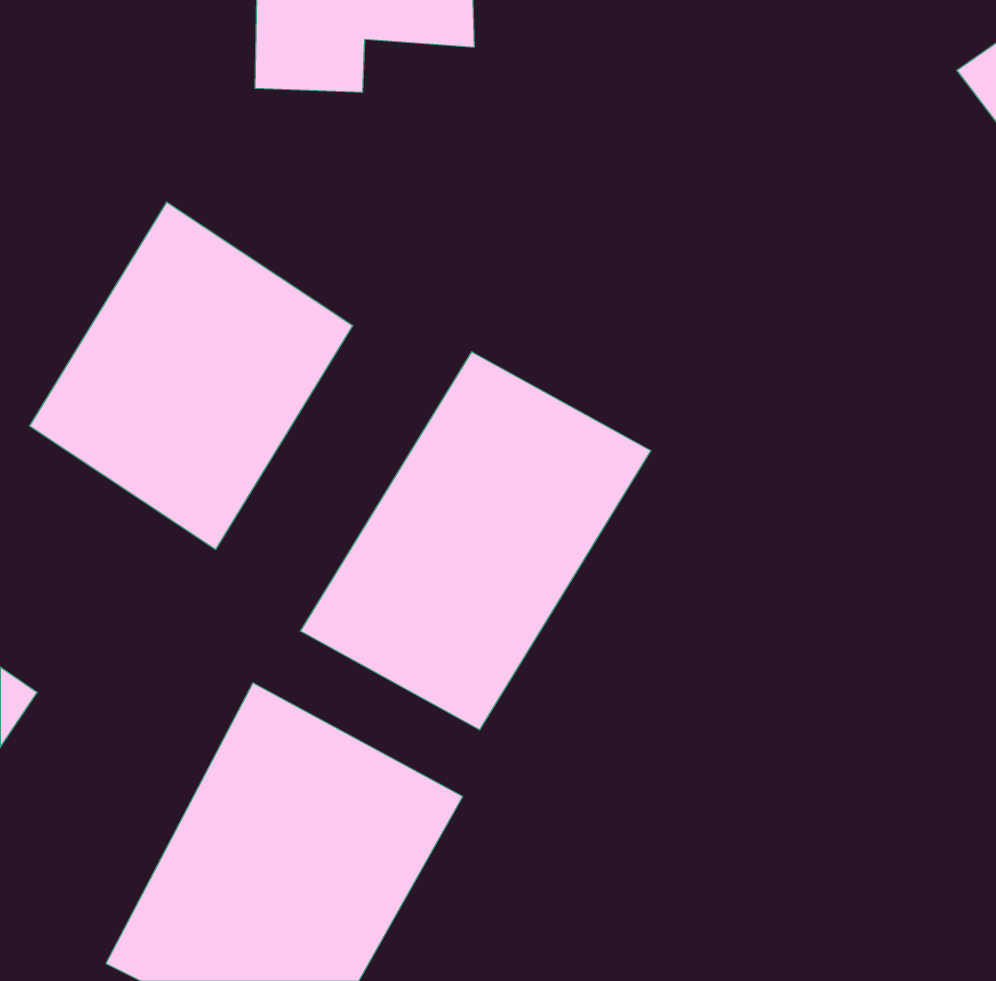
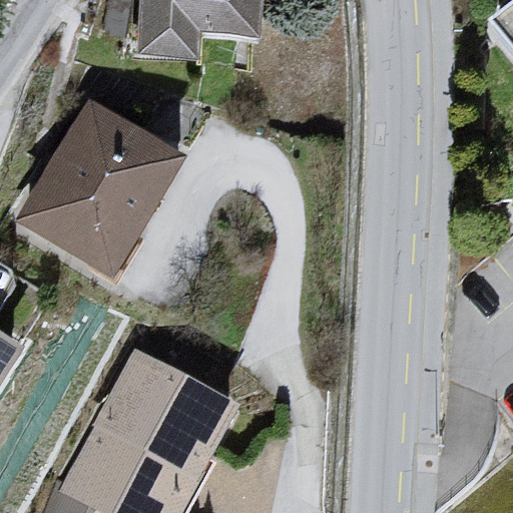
building: [300,352,651,730] -> none

